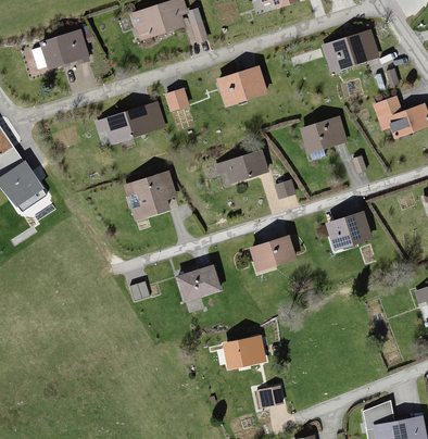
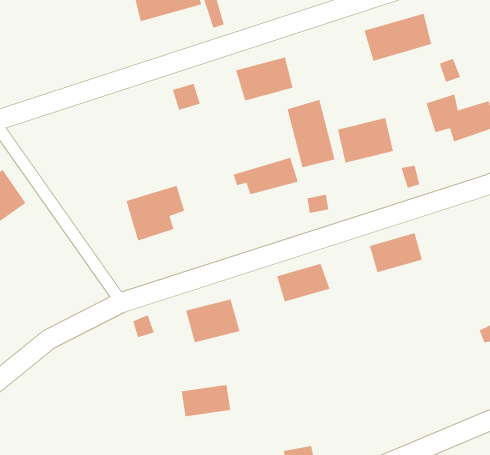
building: [39,29,89,67] -> none
building: none -> [286,99,336,168]
building: [95,102,165,143] -> none
building: [223,337,264,364] -> [181,384,231,417]

